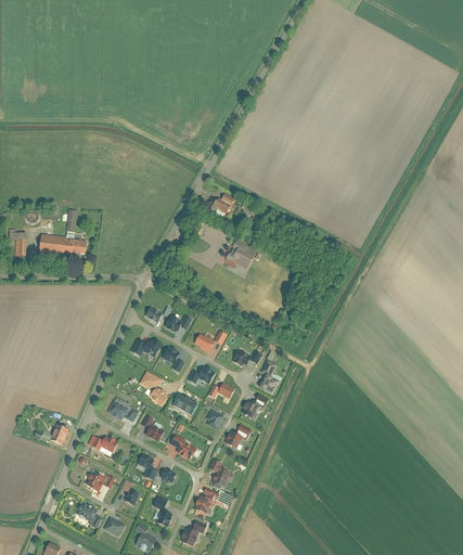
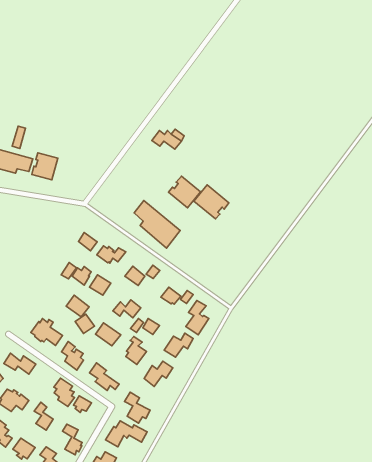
building: none -> [32,153,58,180]
building: none -> [194,185,229,219]
building: none -> [134,201,180,248]

